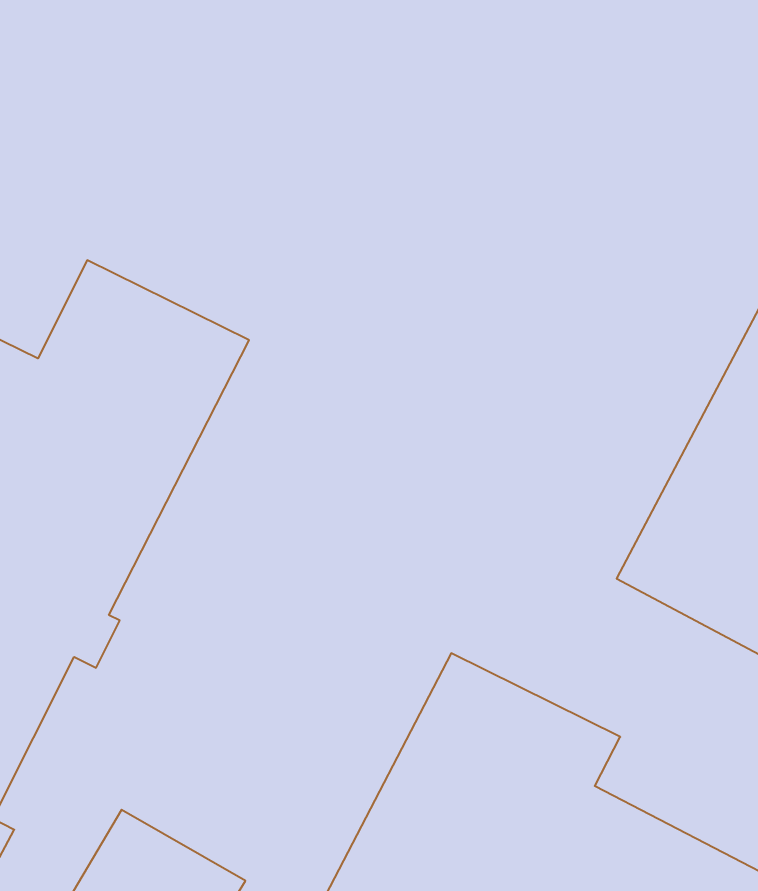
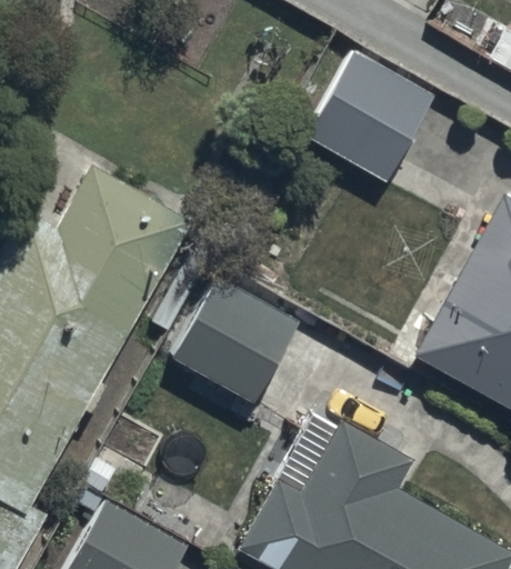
building: none -> [309,53,435,182]
building: none -> [182,286,298,403]

